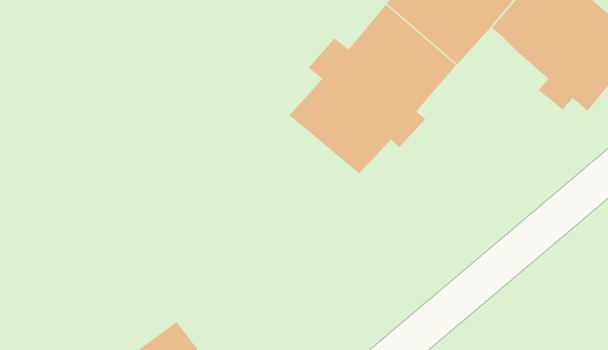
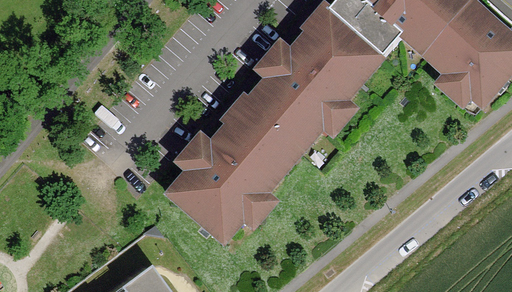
building: none -> [168,104,299,237]

